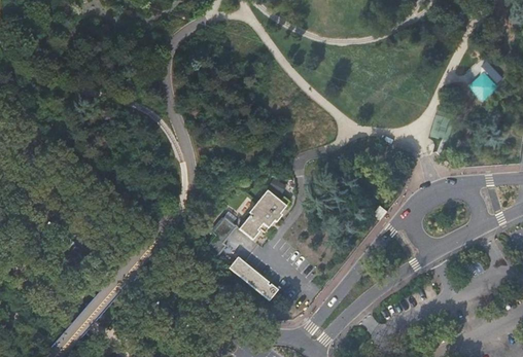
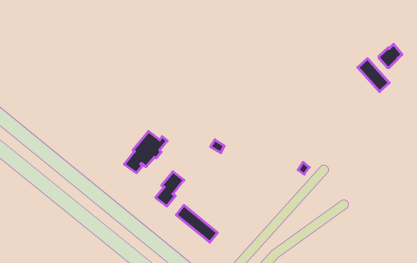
building: none -> [358,59,389,92]
building: [239,189,290,239] -> [124,131,167,173]

